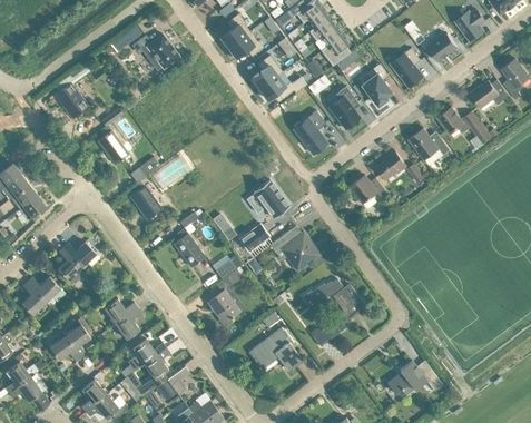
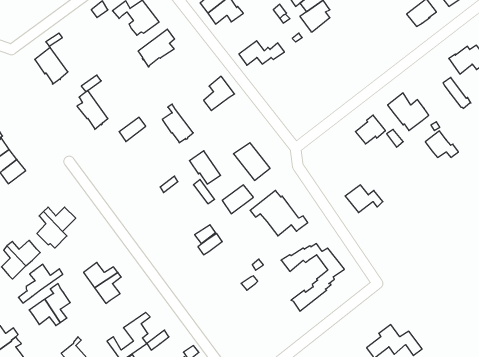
building: [391,48,423,88] -> none
building: [252,55,283,89] -> [204,76,235,111]
building: none -> [138,29,175,67]
building: [364,65,393,107] -> none
building: [328,87,361,130] -> none
building: [437,107,471,134] -> [425,131,458,157]
building: [297,110,327,155] -> none
building: [350,176,387,204] -> [345,185,383,213]
building: [130,180,161,219] -> [162,104,193,143]
building: [174,234,205,267] -> [189,151,221,184]
building: [208,291,239,324] -> none
building: [249,328,302,371] -> none
building: [121,338,166,377] -> [18,264,63,303]

